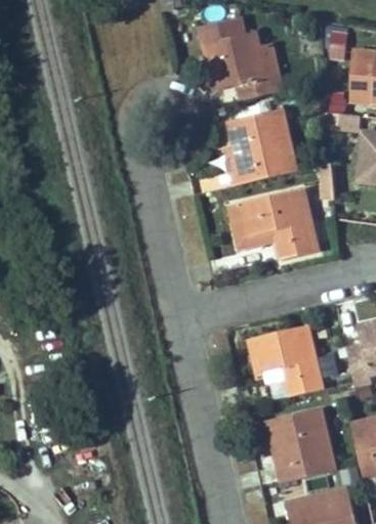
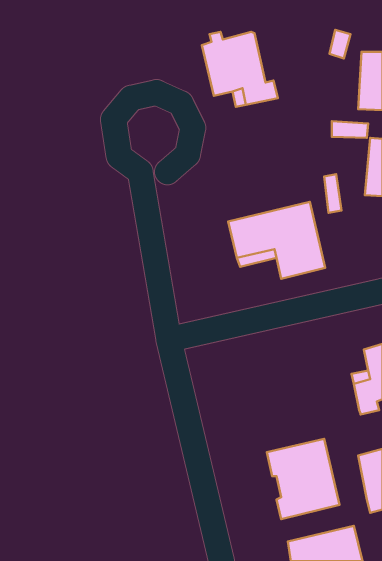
building: [227,107,301,183] -> none
building: [247,328,321,397] -> none

